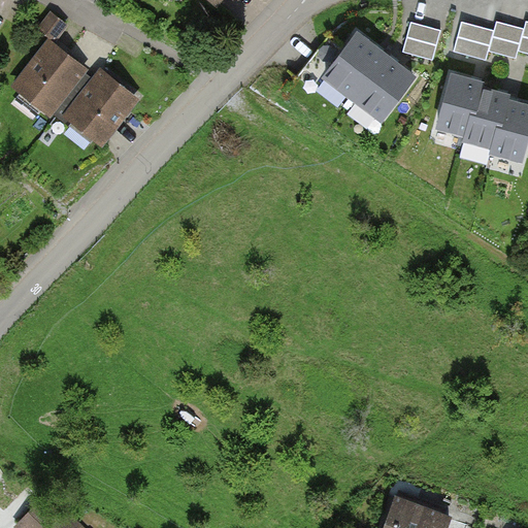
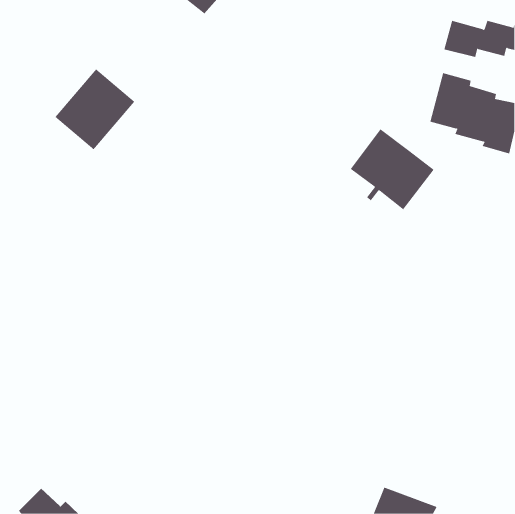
building: [403,22,441,59] -> none
building: [327,34,414,118] -> [350,129,435,210]
building: [5,42,86,124] -> none

